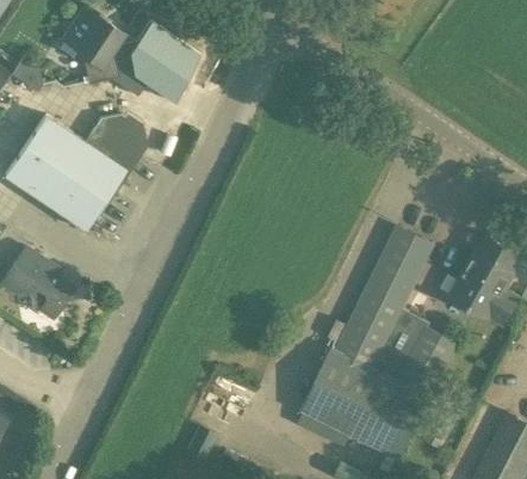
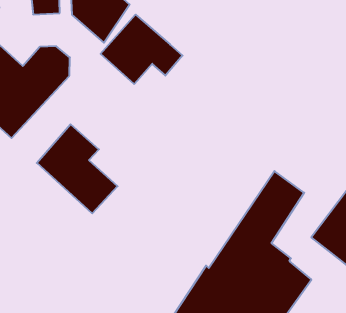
building: none -> [101,15,183,84]
building: none -> [37,124,118,213]

